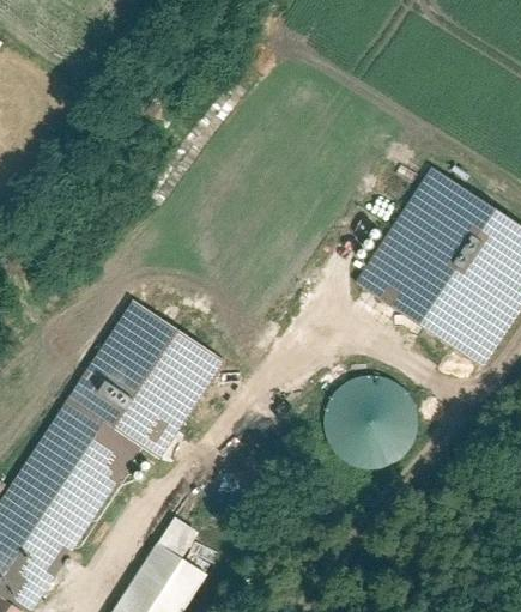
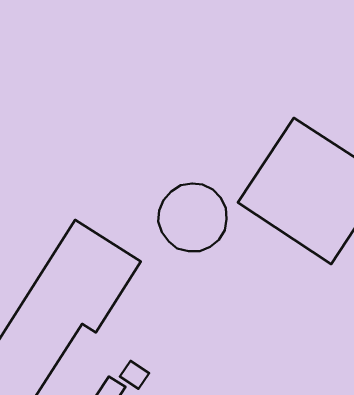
building: [323,374,418,467] -> [158,184,227,251]
building: none -> [120,361,149,389]

